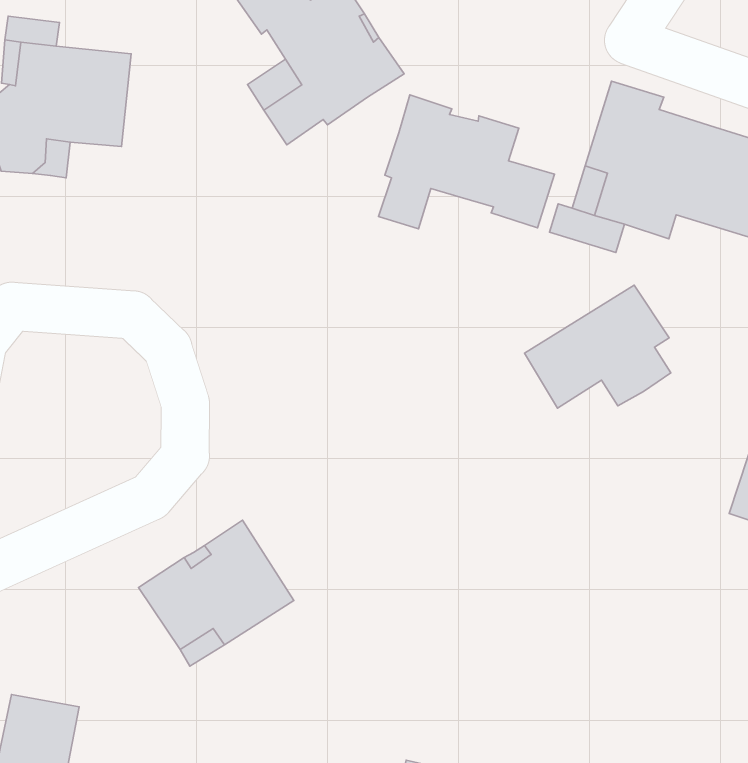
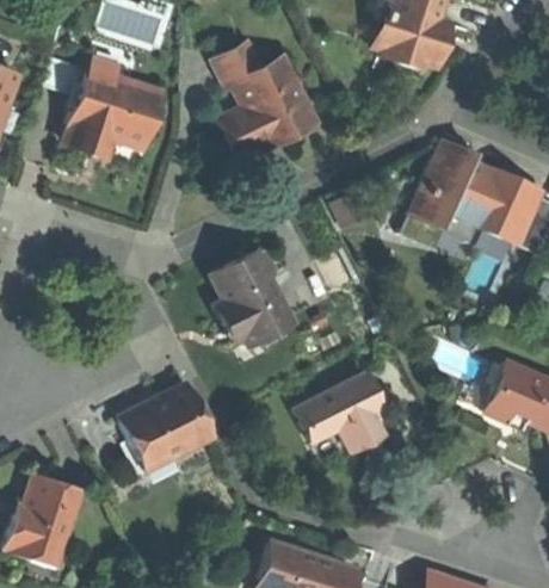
building: [379,95,555,229] -> none
building: [525,285,671,408] -> [297,372,387,445]
building: none -> [212,248,292,343]

